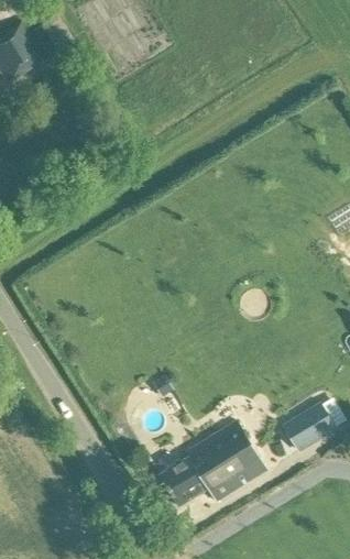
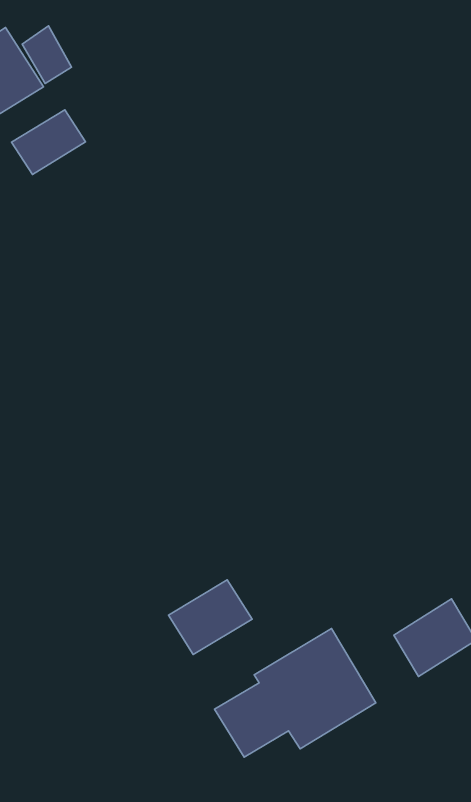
building: none -> [12,110,86,175]
building: none -> [168,580,252,654]

